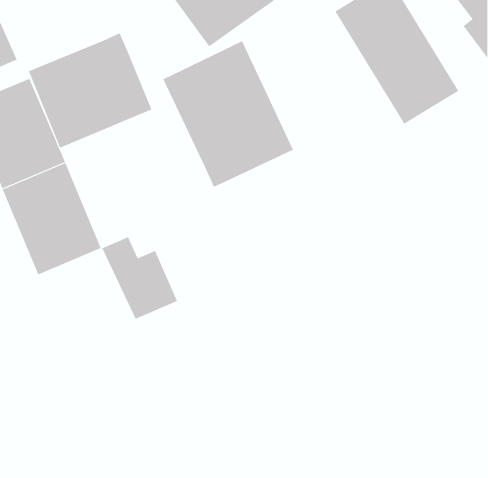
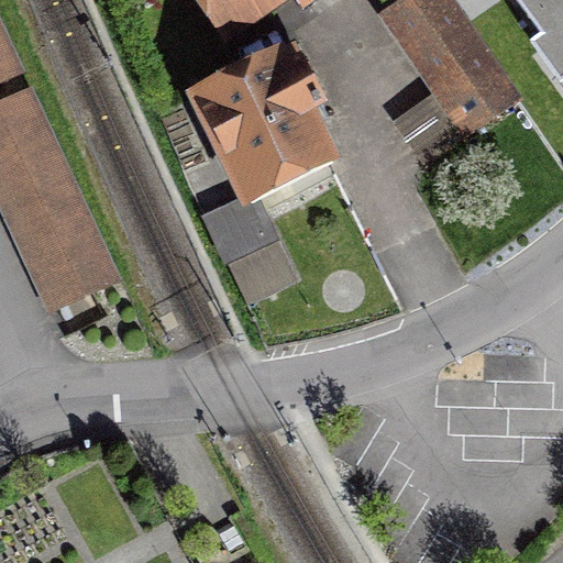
building: [28,33,152,149] -> none
building: [101,237,178,320] -> [201,189,288,284]

